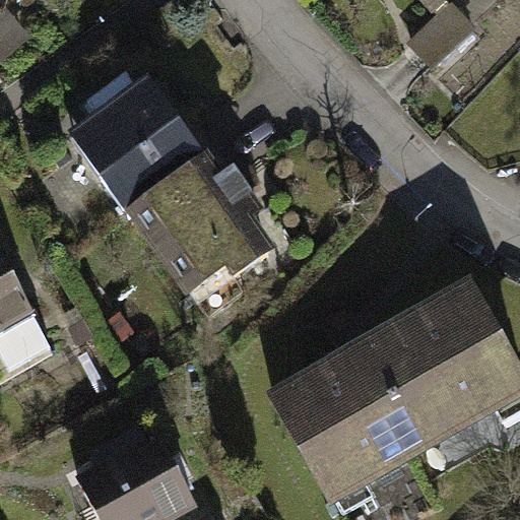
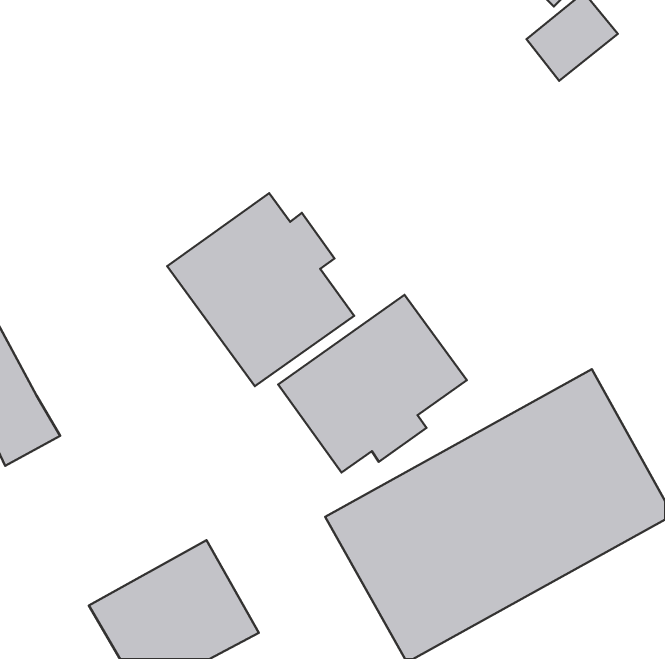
building: [71,68,209,207] -> none
building: none -> [278,295,467,473]

